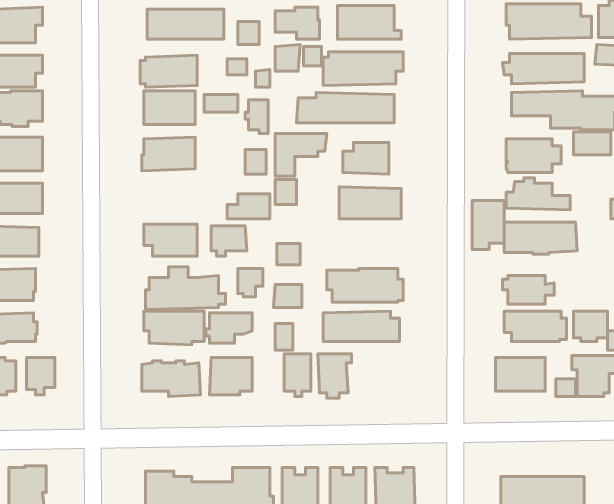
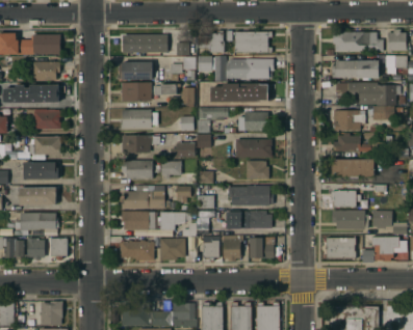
building: none -> [121,135,152,154]
building: [472,200,504,250] -> none
building: none -> [246,161,268,178]
building: none -> [250,237,274,258]

